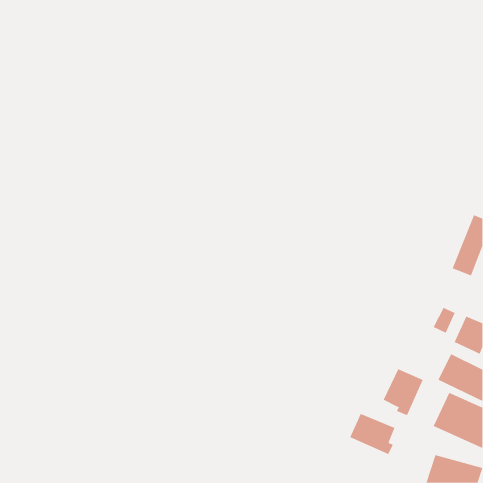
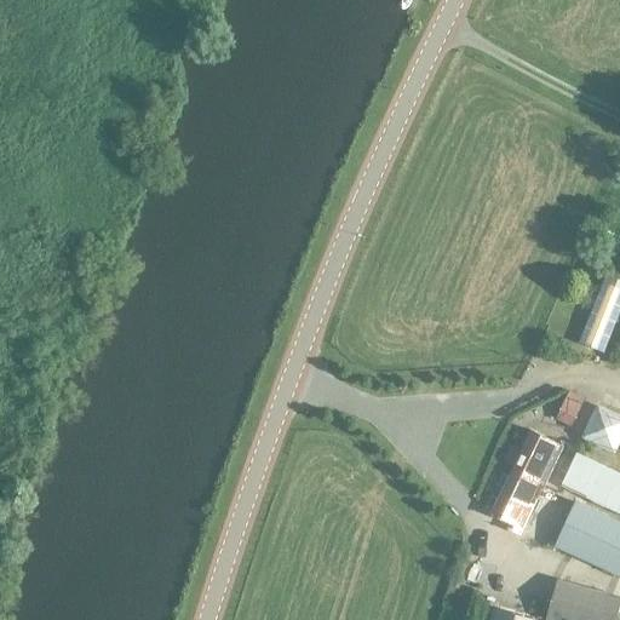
building: none -> [510,431,562,487]
building: [350,413,395,455] -> none

